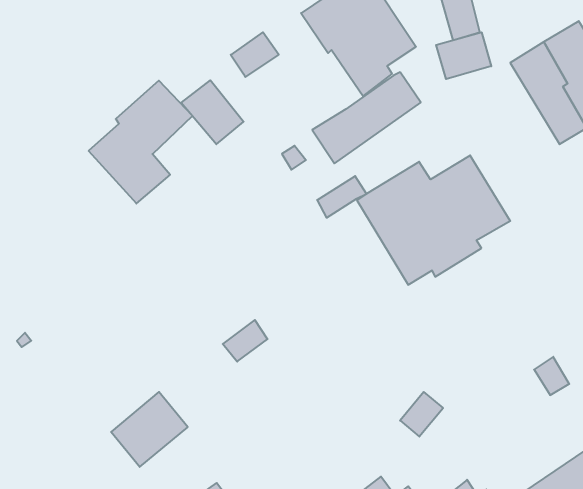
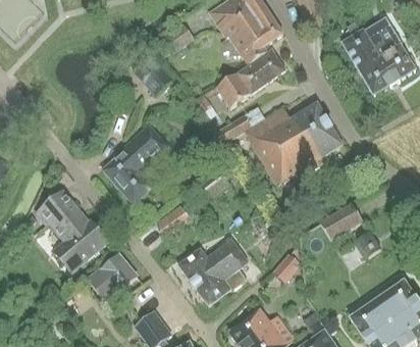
building: [436,32,491,79] -> none
building: [89,81,192,204] -> [103,123,169,202]
building: none -> [37,190,108,271]
building: none -> [320,203,363,240]
building: none -> [178,239,249,304]

